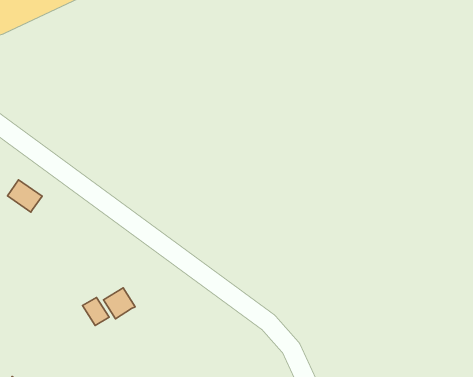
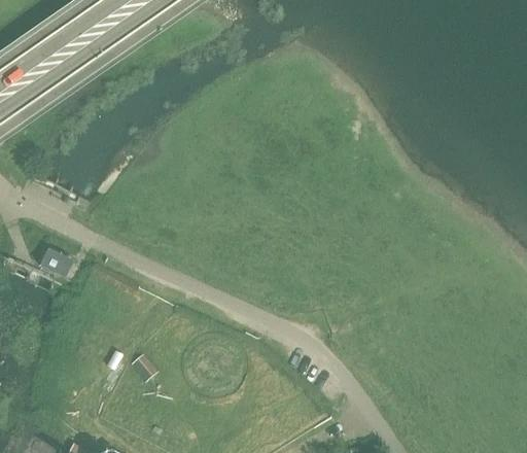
building: [104,288,135,319] -> none

